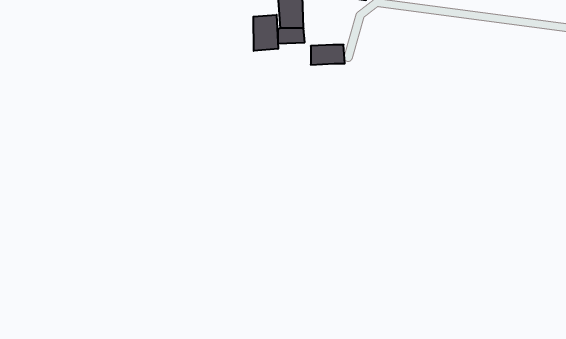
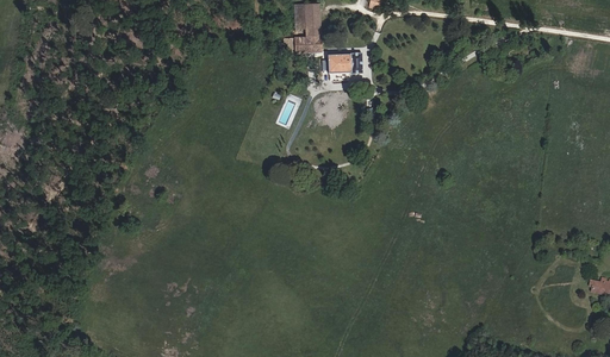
building: [253,15,278,51] -> none

